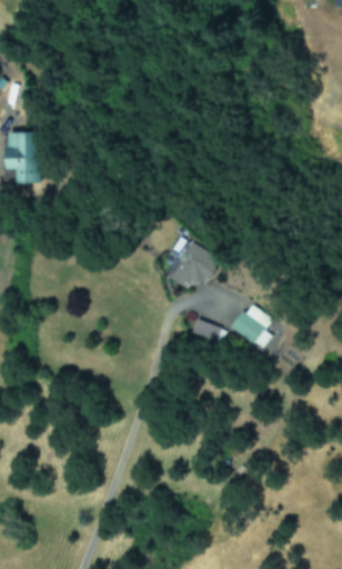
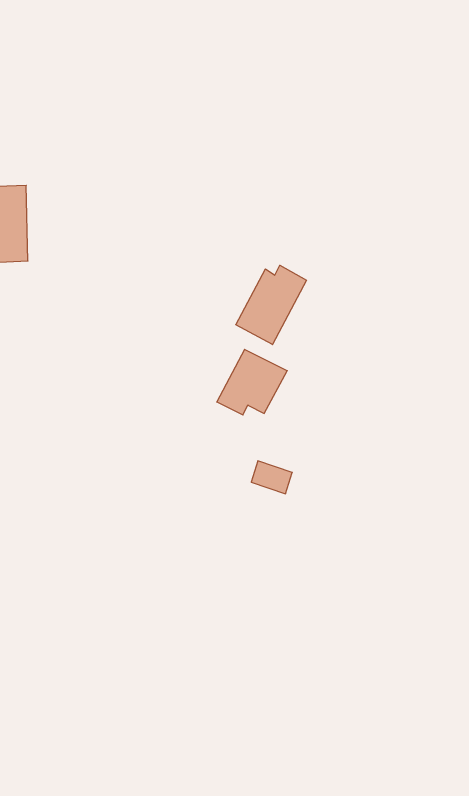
building: none -> [236,265,306,345]
building: [231,302,271,348] -> none

